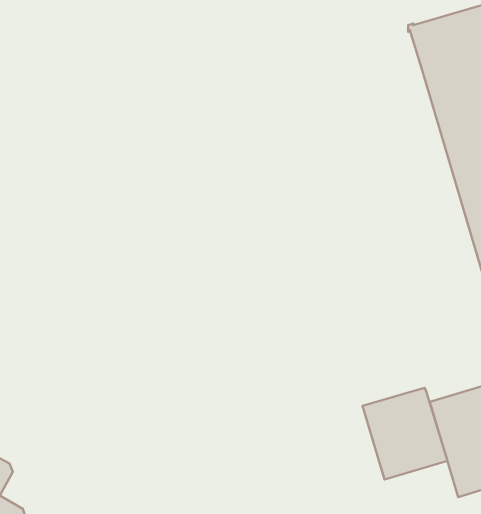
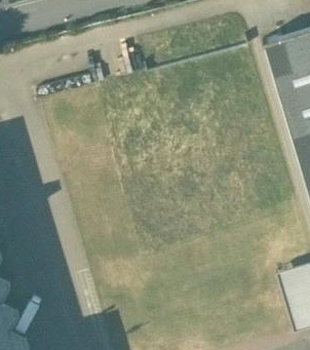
building: [363,388,447,480] -> none

